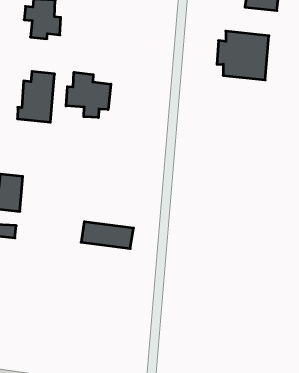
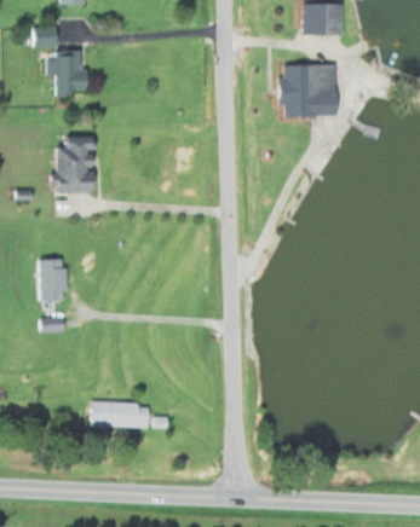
building: [66,72,111,118] -> none
building: [81,222,134,249] -> [92,400,151,425]

